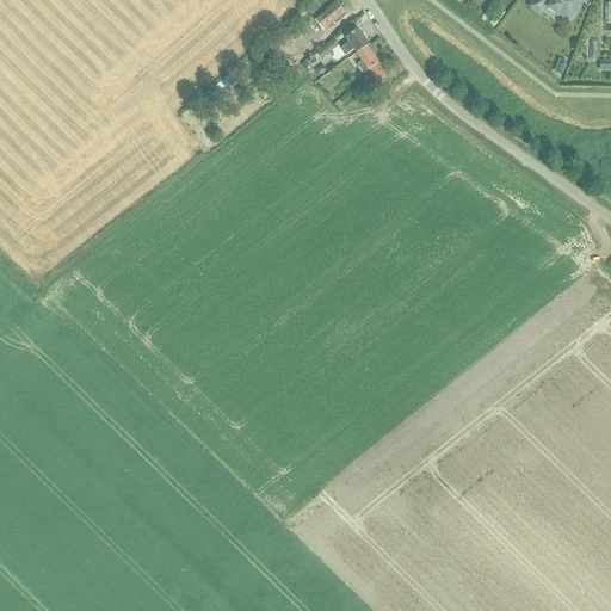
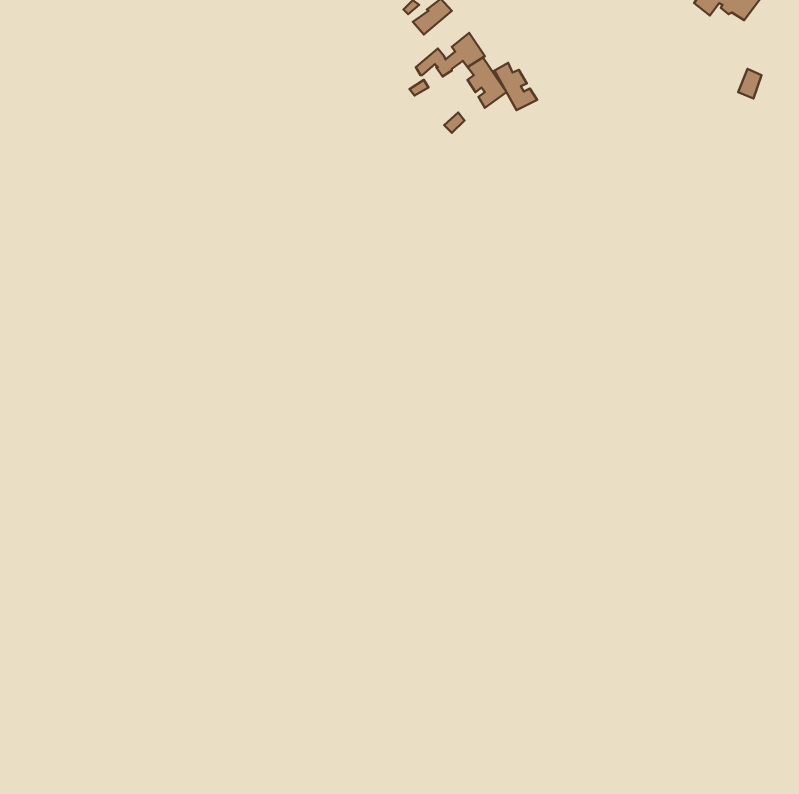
building: none -> [493,63,537,110]

